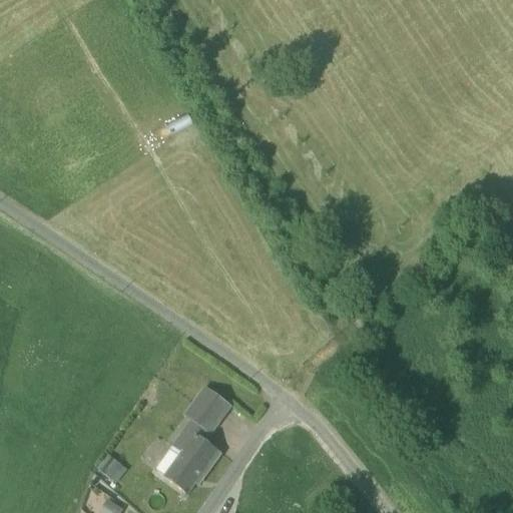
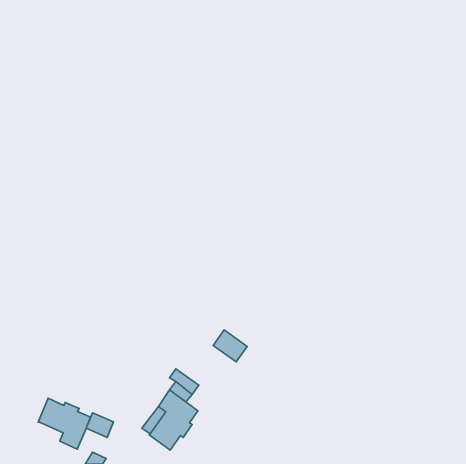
building: [194,387,231,422] -> [213,330,247,362]
building: none -> [38,398,90,449]

